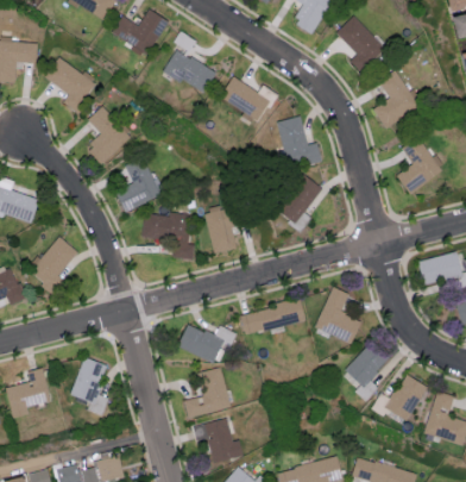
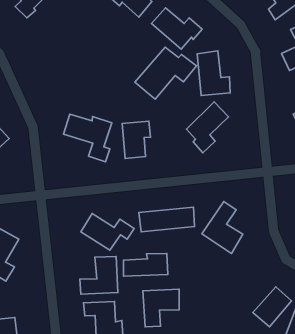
building: [87,107,132,167] -> none
building: none -> [135,47,196,99]
building: [115,159,163,215] -> none
building: [344,342,388,401] -> none
building: none -> [123,253,168,276]
building: none -> [143,289,179,327]

